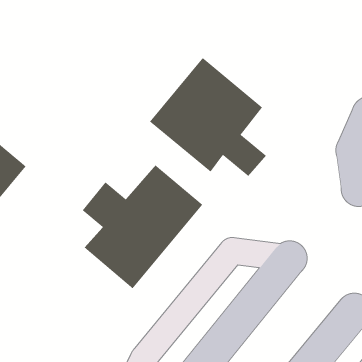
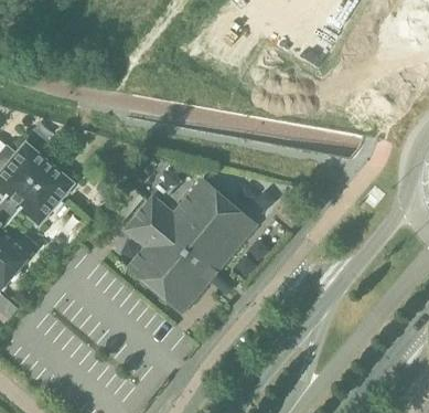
building: [149,57,267,177] -> none

